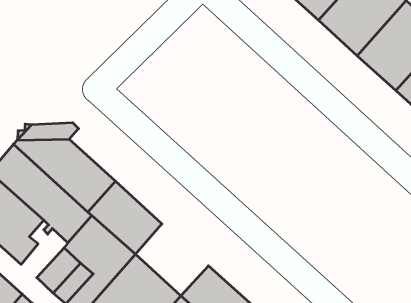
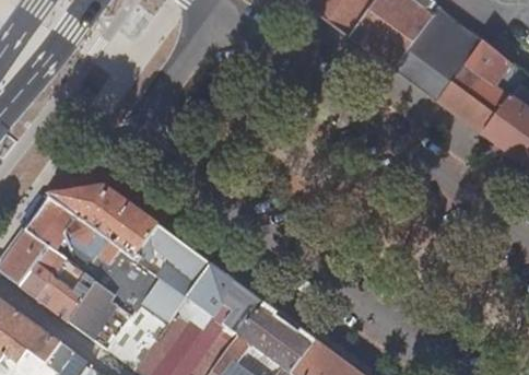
building: none -> [188,265,264,337]
building: none -> [71,281,117,333]

